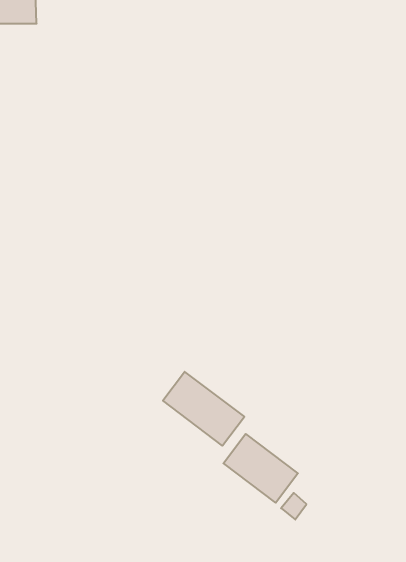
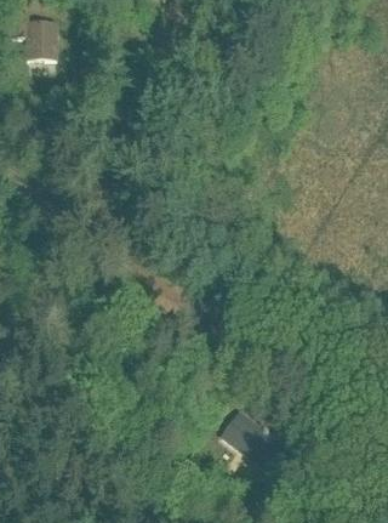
building: [163,372,244,446] -> none

